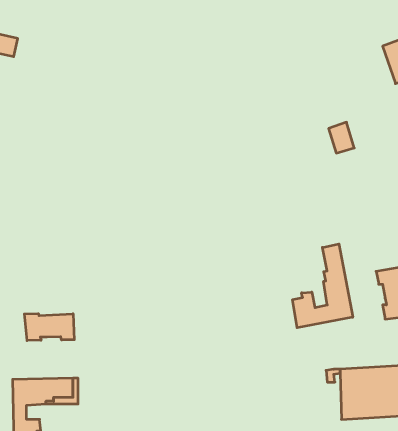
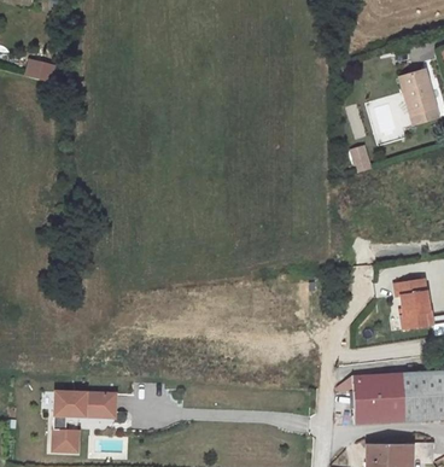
building: [293,244,353,328] -> none
building: [24,314,74,341] -> none

